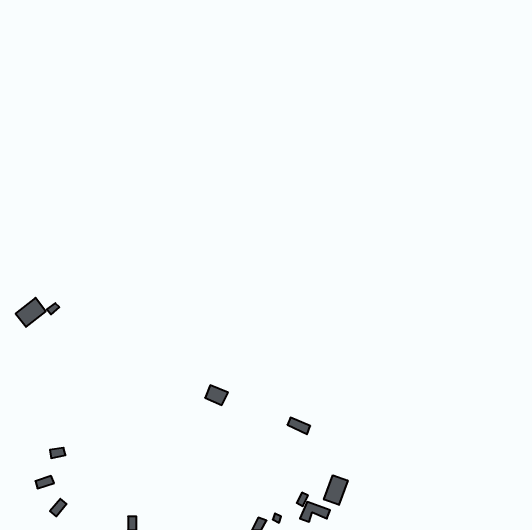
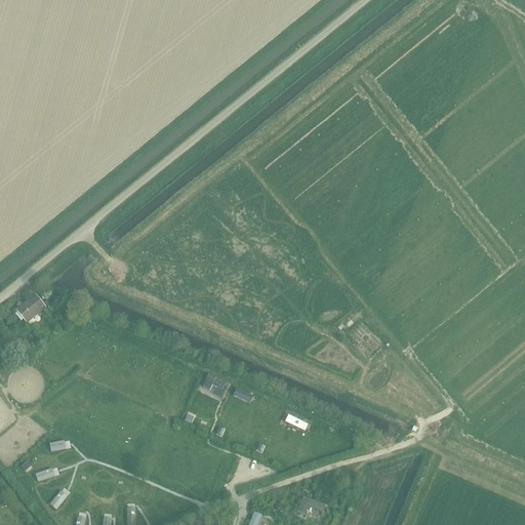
building: [324,475,348,505] -> none

